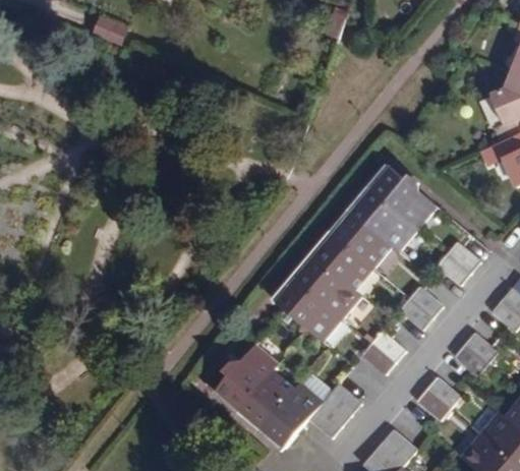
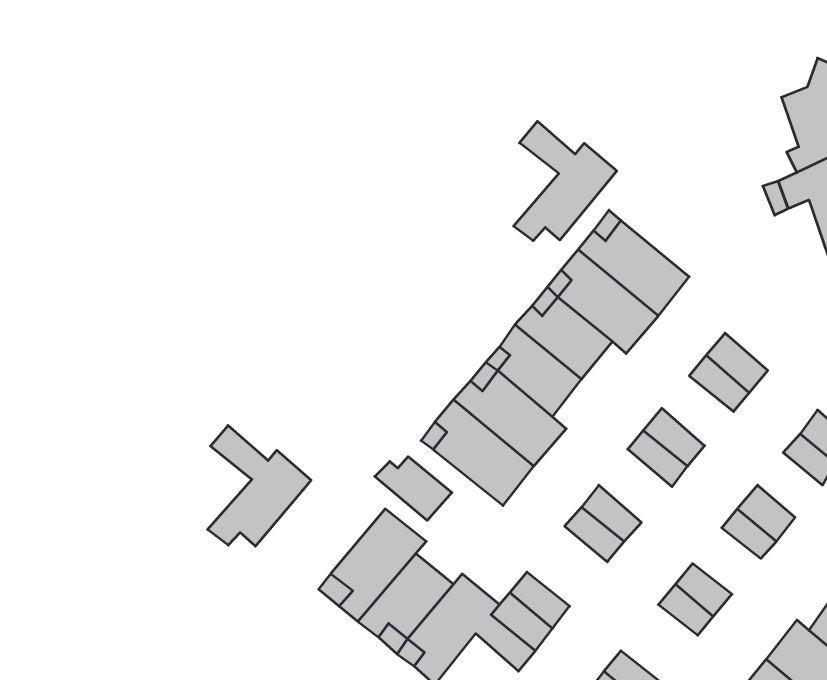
building: none -> [514,121,617,241]
building: none -> [208,425,311,546]
building: none -> [375,457,452,520]

